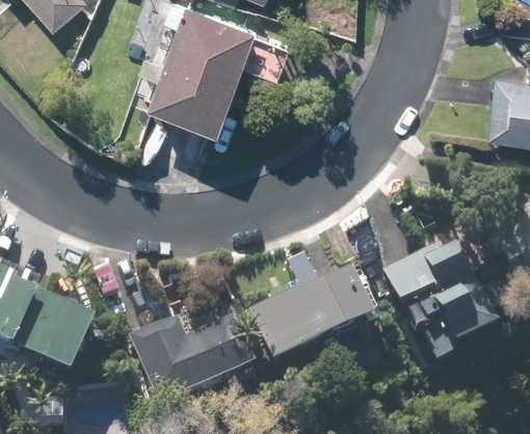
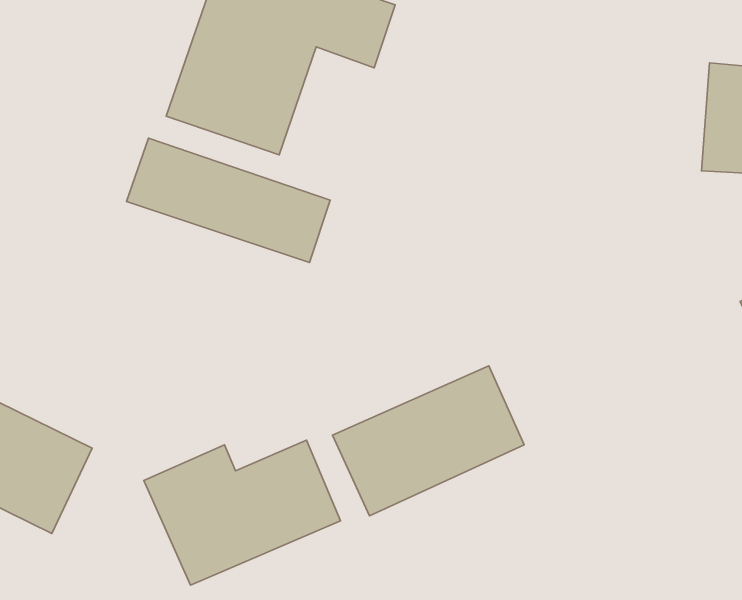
building: none -> [127,138,330,263]
building: [380,236,498,367] -> none

